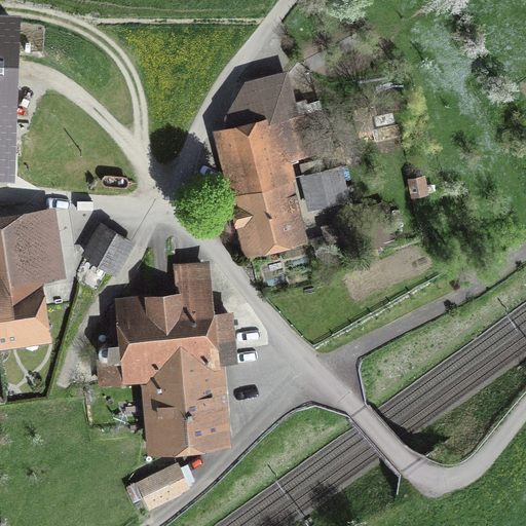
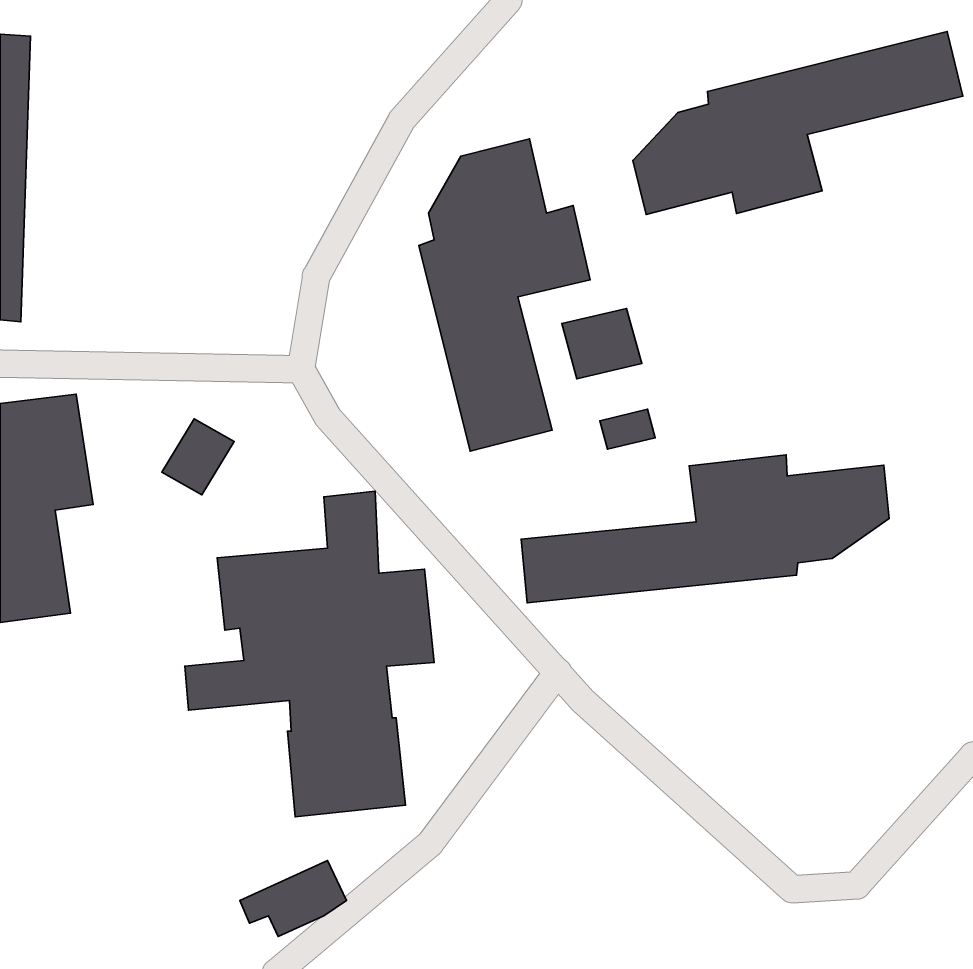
building: none -> [633,31,963,215]
building: none -> [521,455,889,603]

